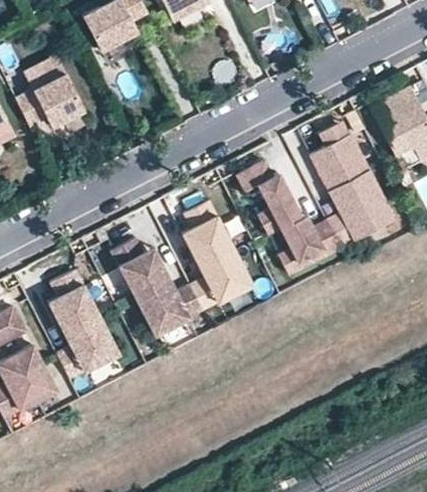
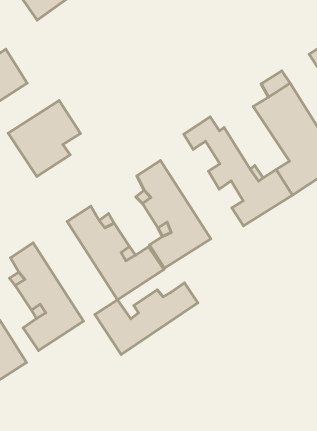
building: none -> [8,101,80,177]
building: none -> [95,283,198,354]

